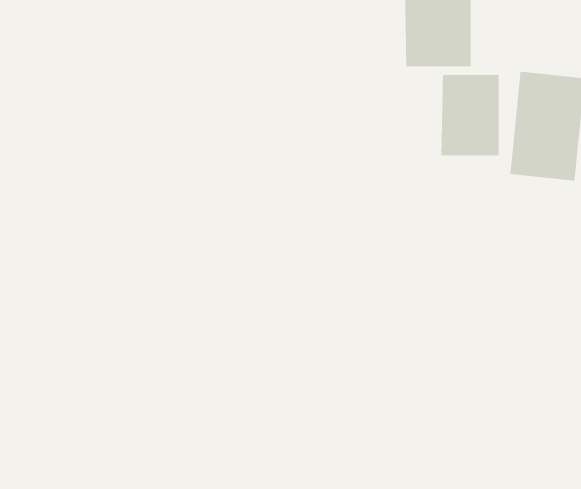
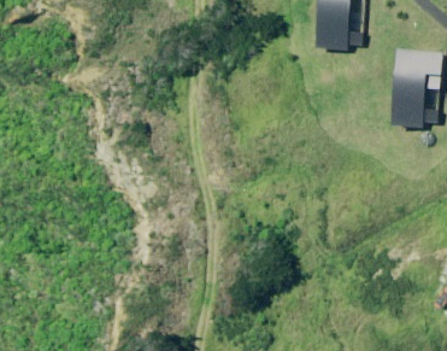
building: [441,74,500,156] -> none

